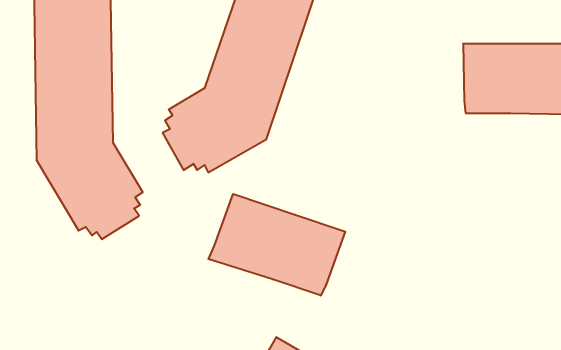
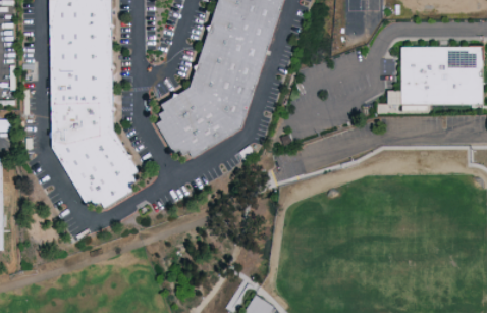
building: [208,194,345,296] -> none

